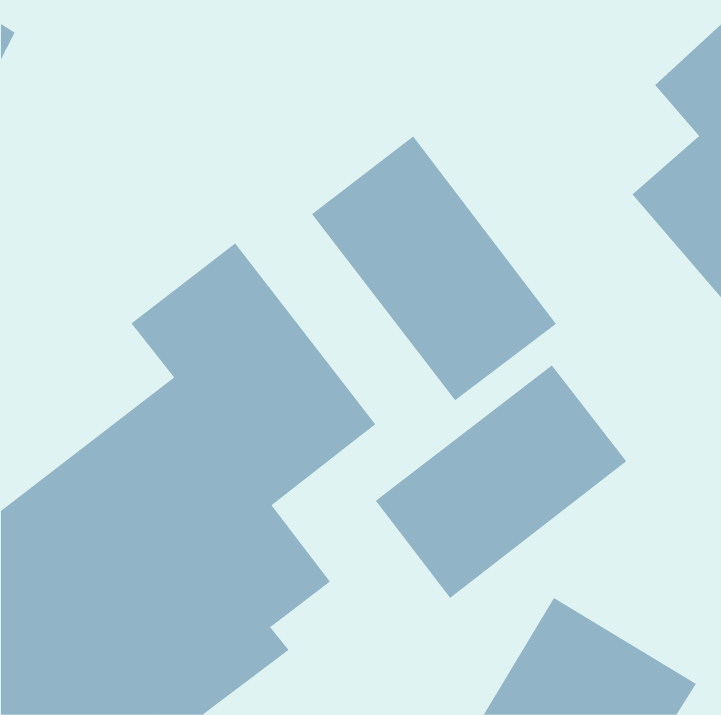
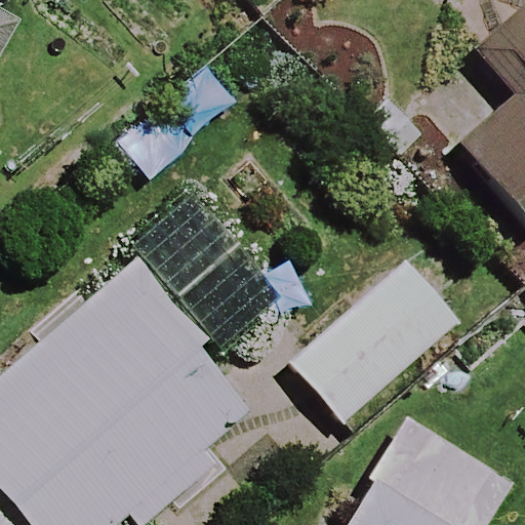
building: [311,136,557,401] -> none

